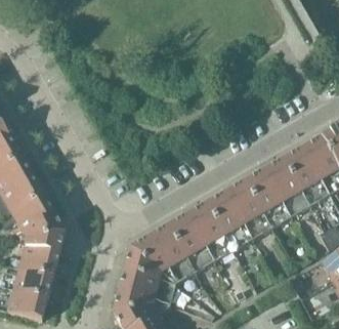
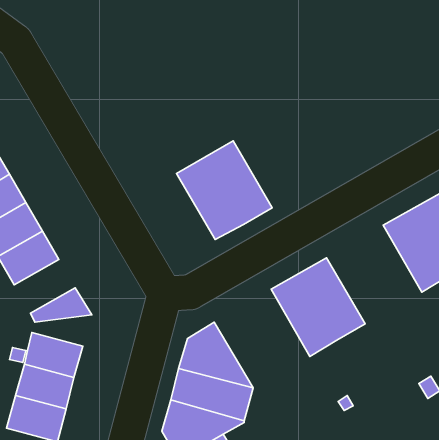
building: [225,170,291,238] -> none
building: [11,194,53,231] -> none
building: [149,214,214,282] -> [176,141,272,239]
building: [24,232,65,253] -> none

